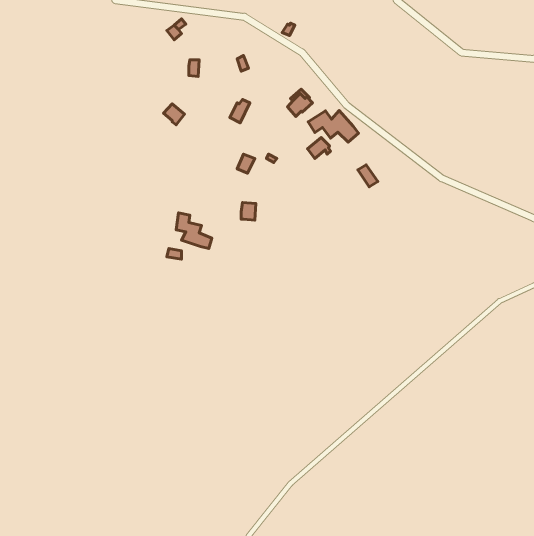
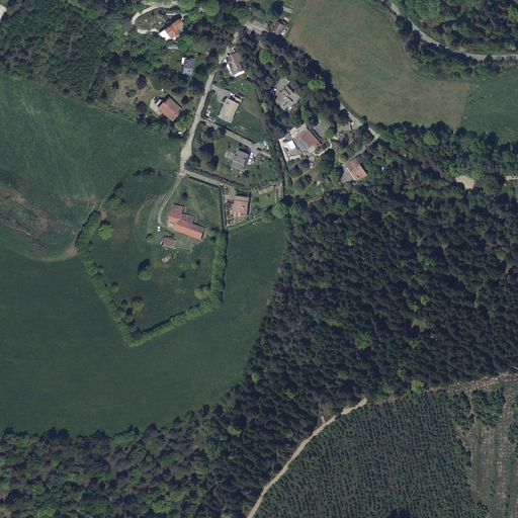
building: [308,111,358,142] -> none

